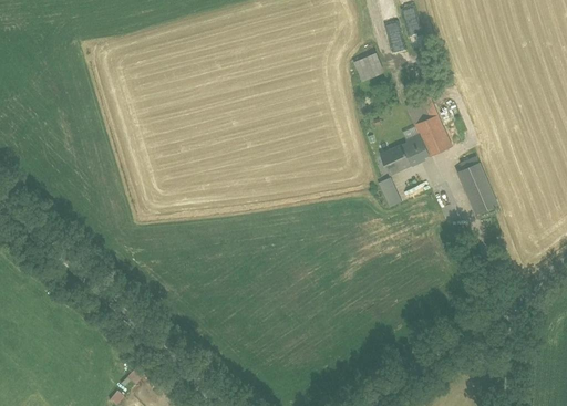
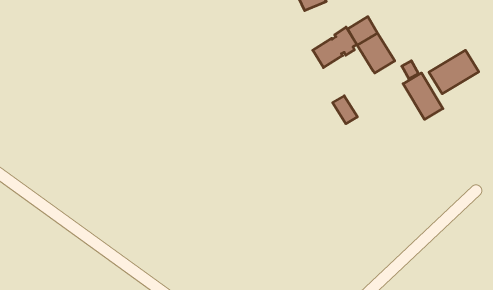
building: [380,135,427,175] -> [313,27,357,68]
building: none -> [429,50,479,94]

